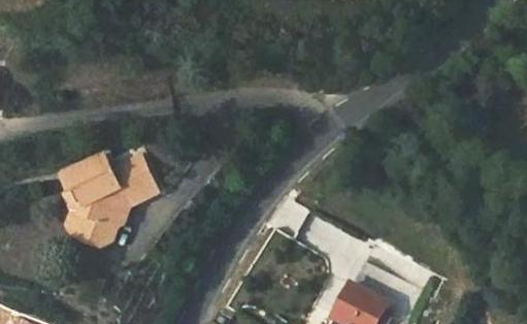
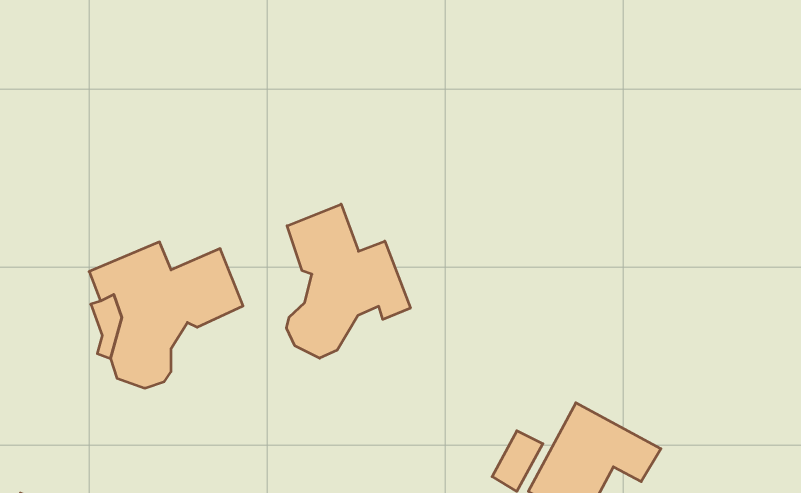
building: none -> [287,204,410,358]

